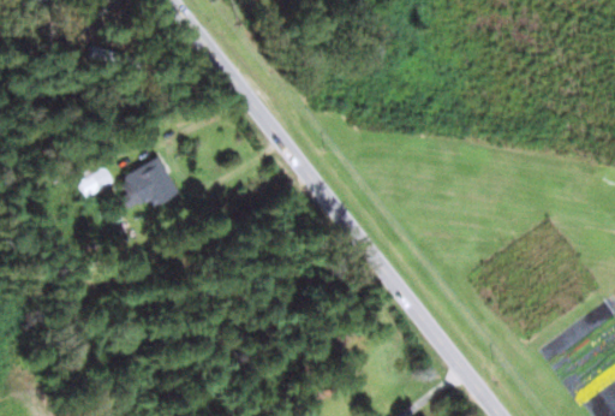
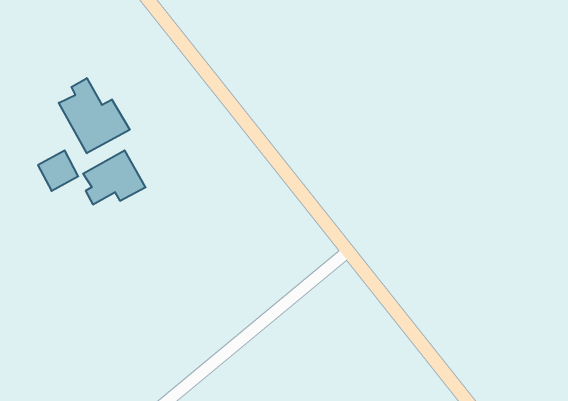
building: none -> [59,78,130,153]

